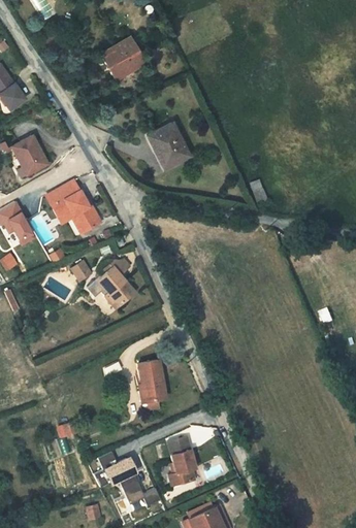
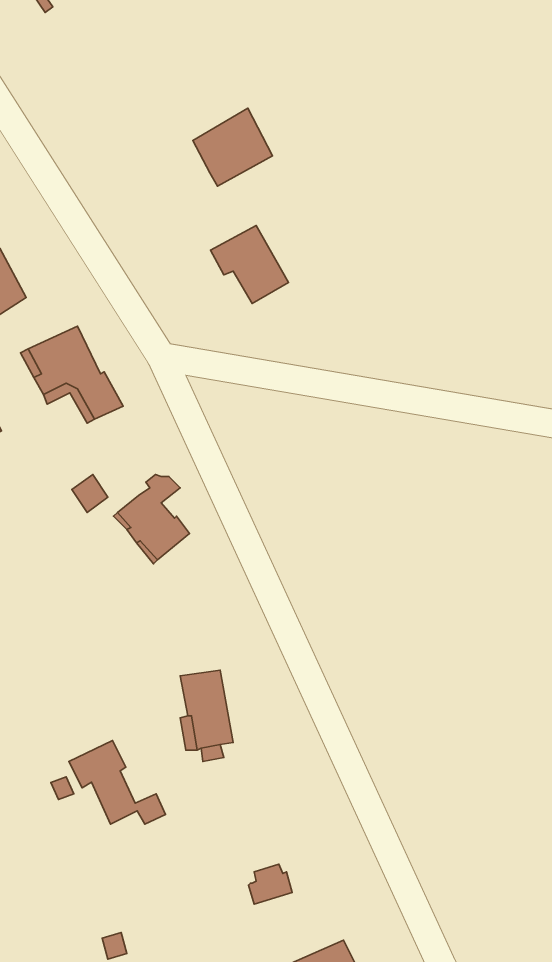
building: [102,38,145,80] -> [193,108,272,186]
building: [162,443,189,474] -> none
building: [107,458,160,503] -> [69,740,166,824]

